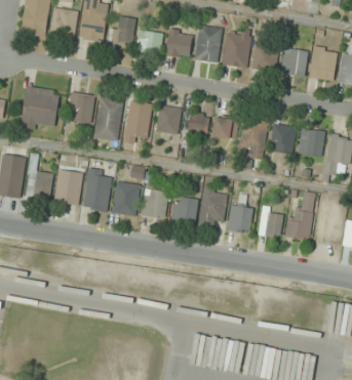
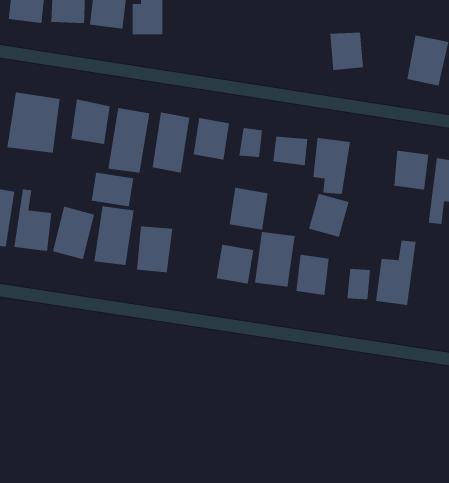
building: [195,26,222,64] -> none
building: [166,30,192,57] -> none
building: [136,31,162,53] -> none
building: [222,34,250,69] -> none
building: [280,47,308,77] -> none
building: [268,123,298,155] -> [308,193,349,237]
building: none -> [91,172,134,207]
building: [141,188,169,219] -> [229,187,269,230]

